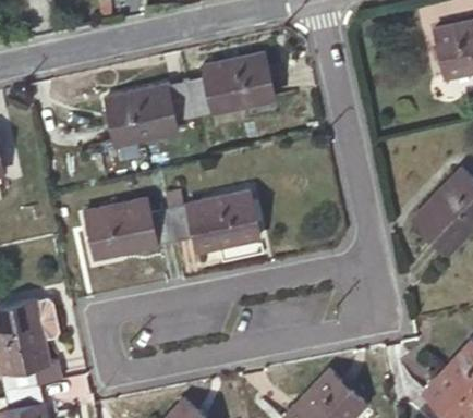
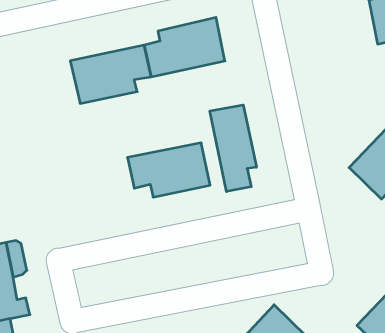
building: none -> [210,105,256,192]
building: [83,197,174,257] -> none

